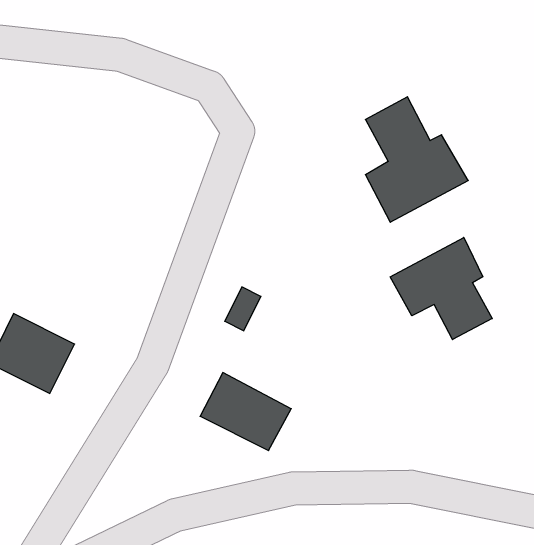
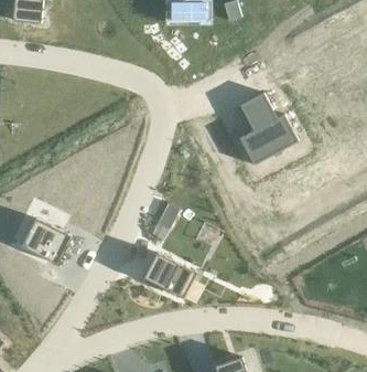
building: [390,237,492,340] -> none

